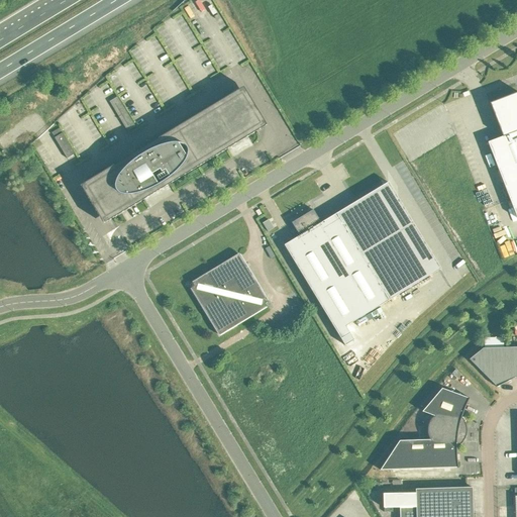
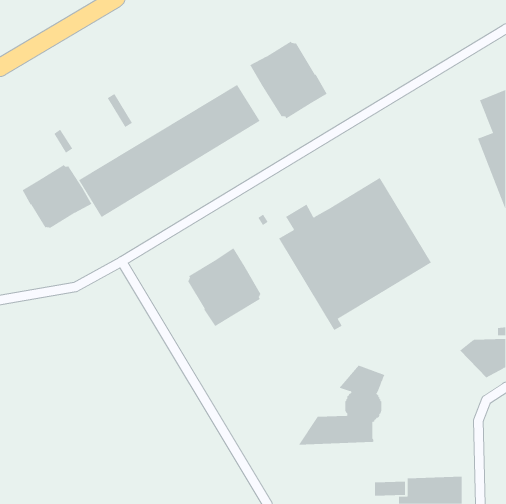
building: none -> [249,41,327,119]
building: none -> [22,164,92,229]
building: [380,387,469,469] -> [298,365,385,445]

